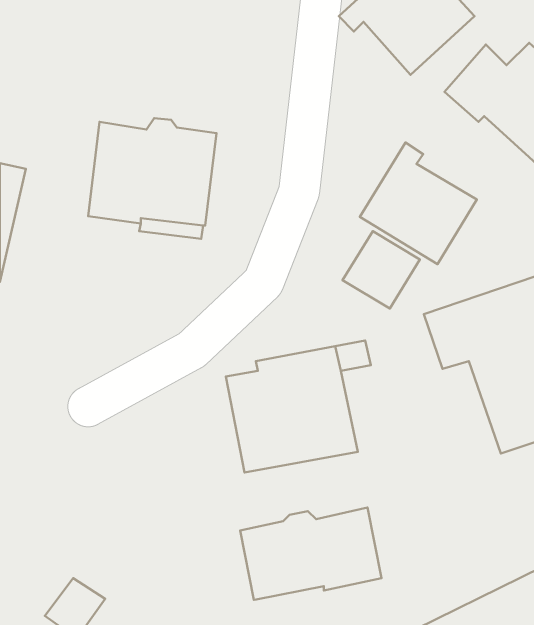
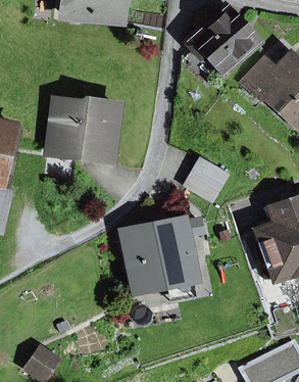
building: [360,142,477,264] -> none
building: [240,508,382,600] -> none

